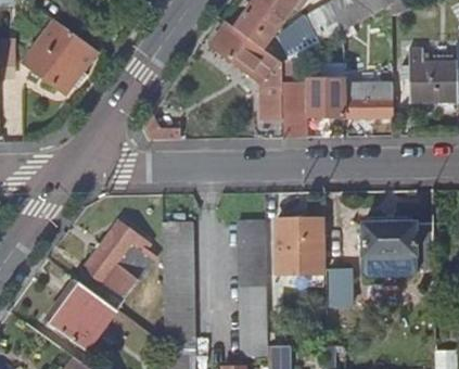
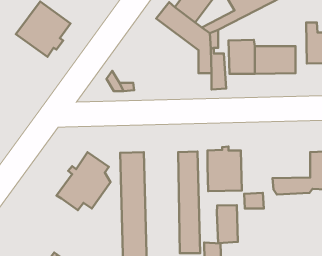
building: [362,221,413,256] -> none
building: [52,283,120,353] -> none
building: none -> [217,205,238,243]

